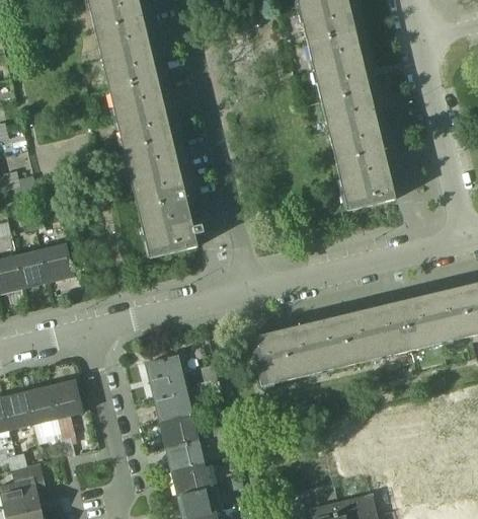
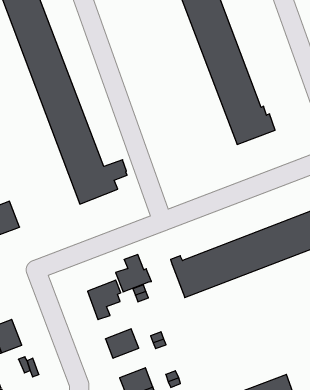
building: [52,378,83,417] -> none
building: [155,379,196,422] -> [116,255,151,292]
building: [167,438,205,470] -> none

